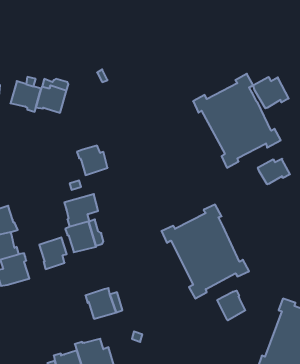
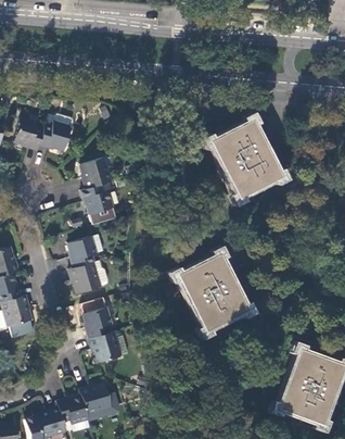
building: [253,77,289,108] -> none
building: none -> [82,156,112,188]
building: [258,159,290,184] -> none
building: [39,237,67,269] -> [85,305,113,338]
building: [217,291,245,320] -> none

